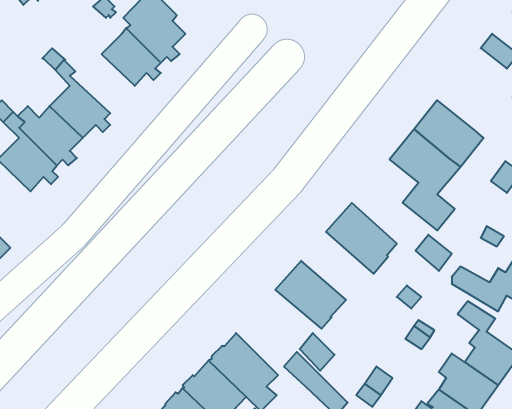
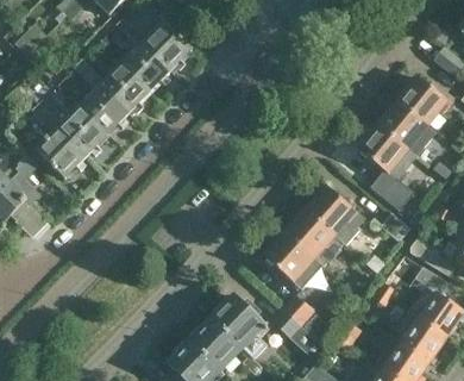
building: none -> [95,63,148,112]
building: none -> [397,77,453,125]
building: none -> [286,210,345,266]

